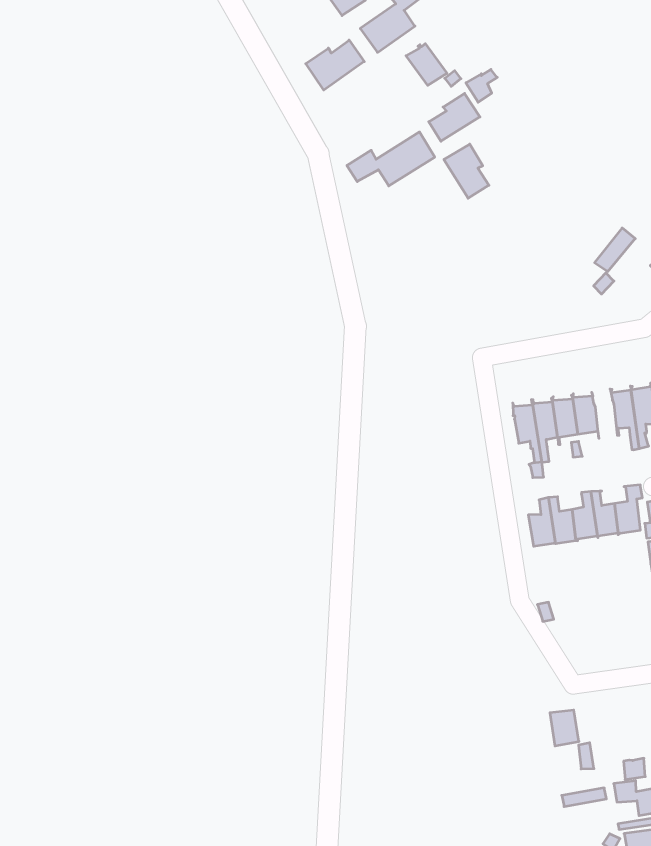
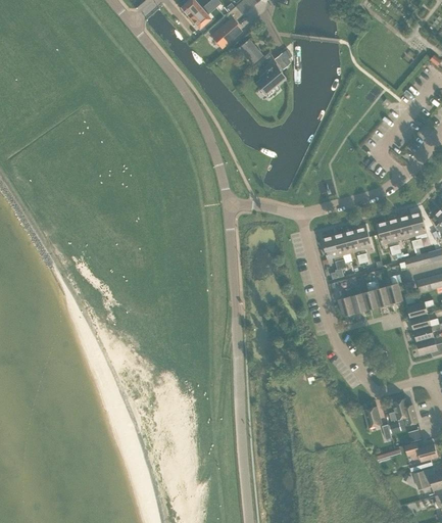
building: [306,40,364,90] -> none
building: [347,132,435,186] -> none
building: [444,144,489,198] -> none
building: none -> [389,398,419,426]

